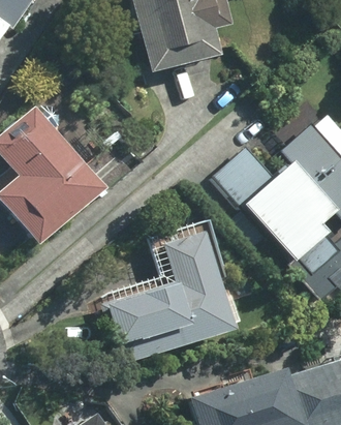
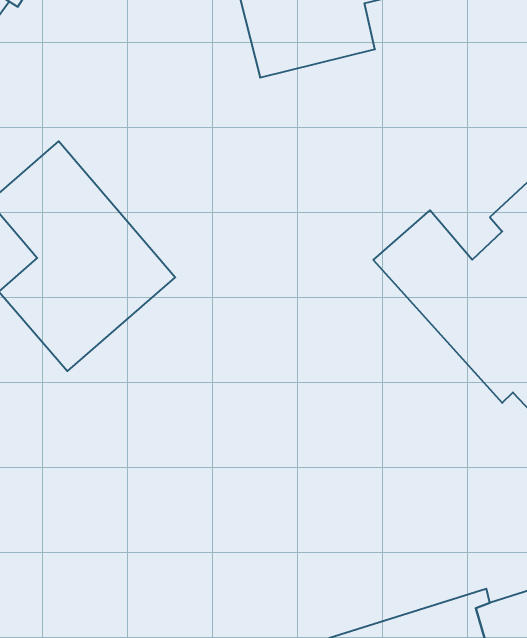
building: [106,231,235,363] -> none

